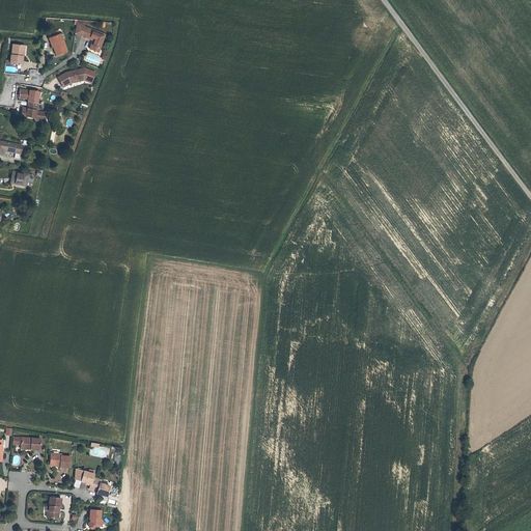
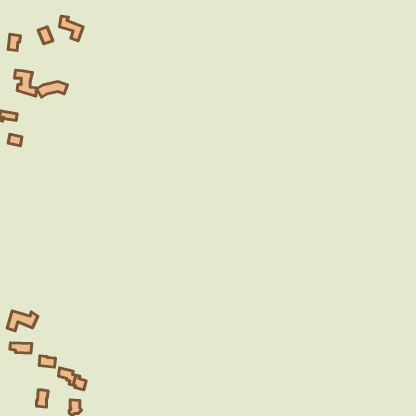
building: [57,68,96,88] -> [37,82,68,97]
building: none -> [7,311,38,331]

